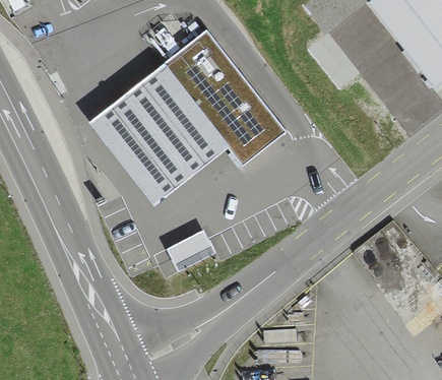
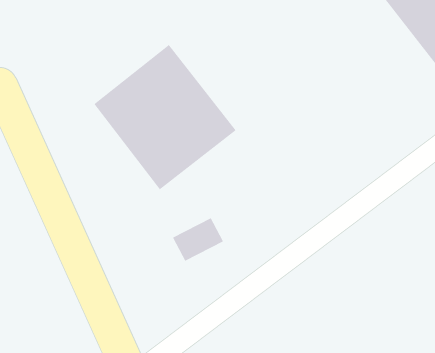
building: [164,28,286,163] -> none

